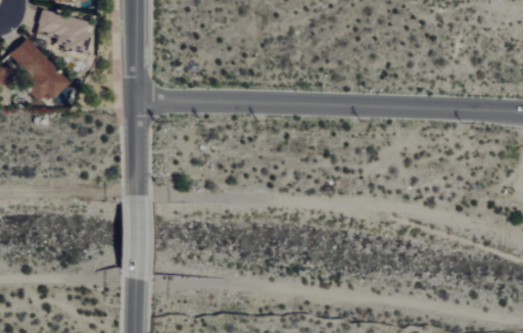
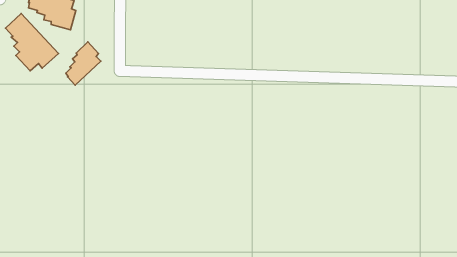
building: none -> [66,42,101,85]

